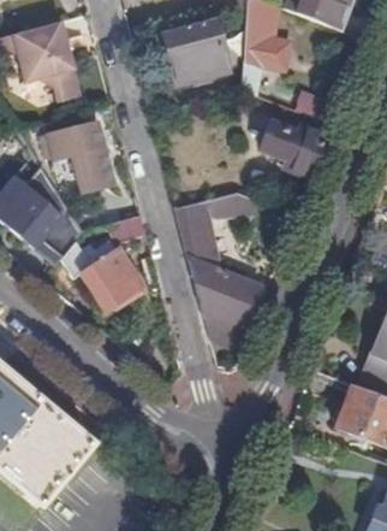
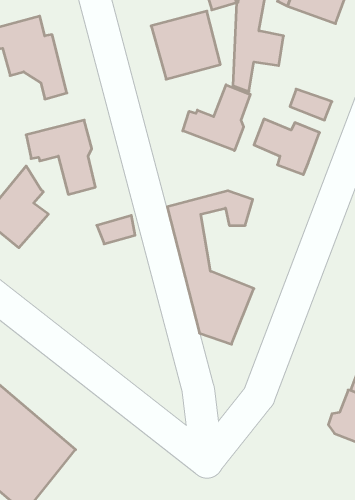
building: none -> [183,85,250,151]
building: [59,242,143,309] -> none

